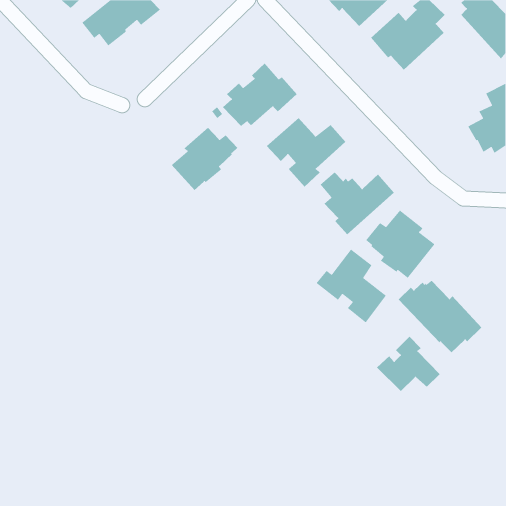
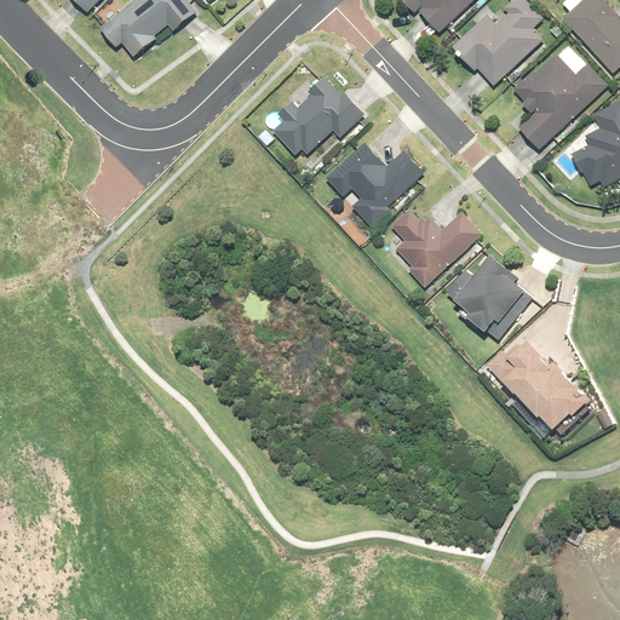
building: none -> [512,46,608,149]
building: [171,127,238,191] -> none
building: [316,248,387,324] -> none
building: [376,336,440,392] -> none

